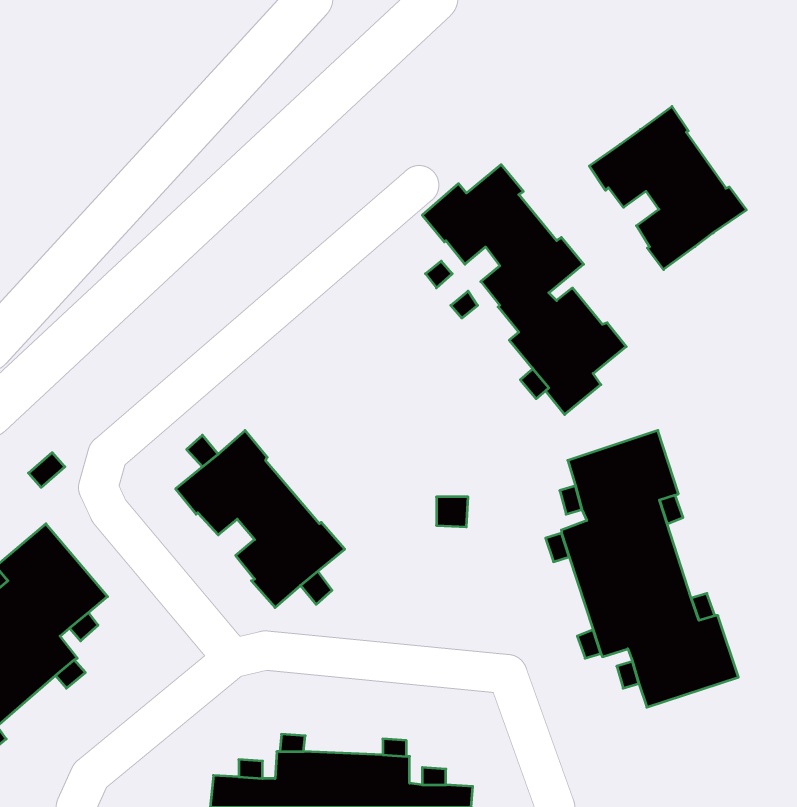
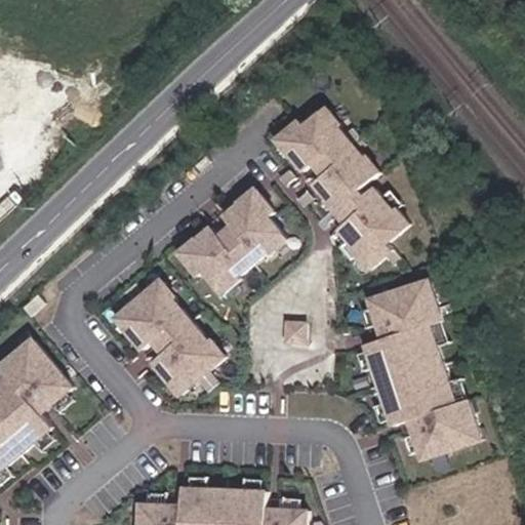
building: [589,106,746,270] -> none
building: none -> [176,188,285,292]

